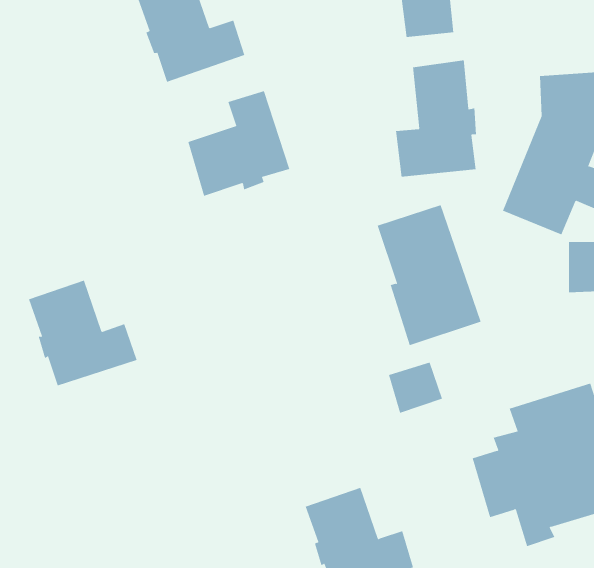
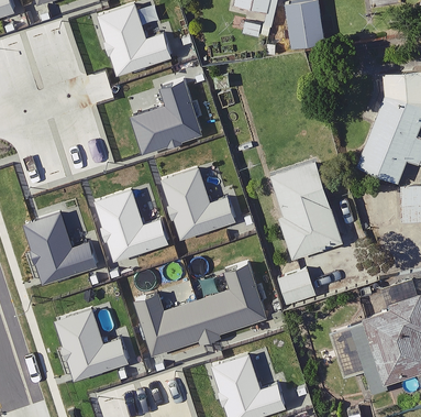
building: [396,59,477,177] -> none
building: none -> [163,167,237,240]
building: none -> [97,189,171,262]
building: none -> [136,264,270,356]
building: none -> [57,308,132,381]

